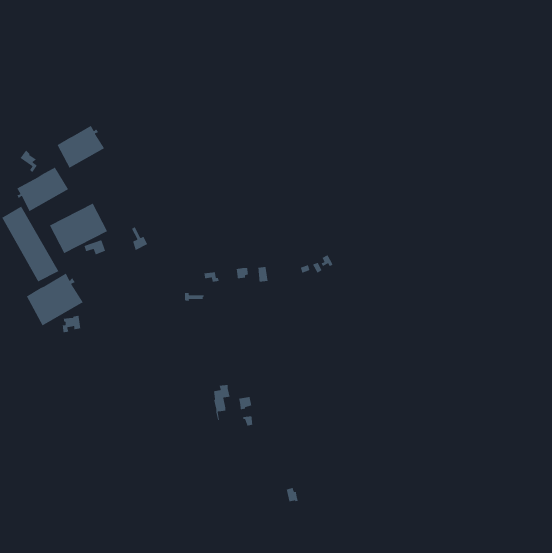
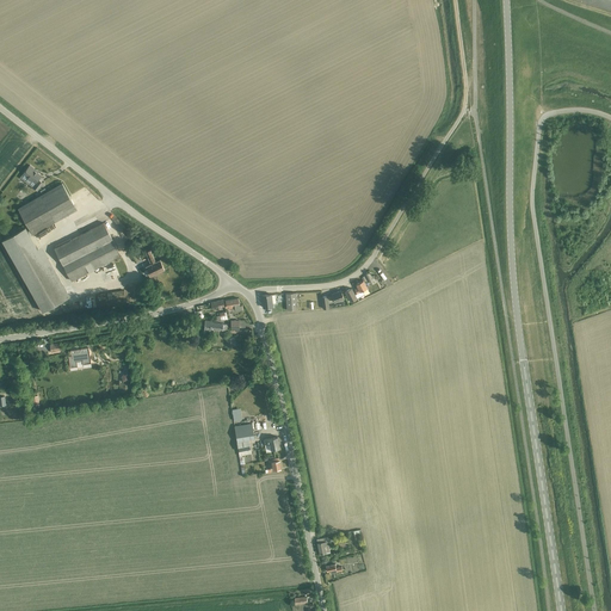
building: [57,125,105,169] -> none
building: [26,273,84,327] -> none

